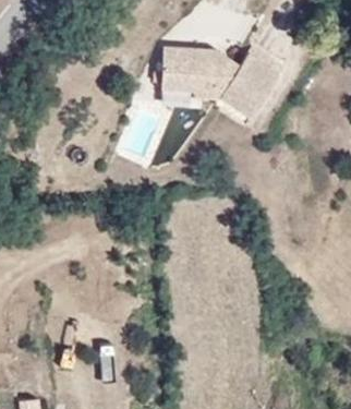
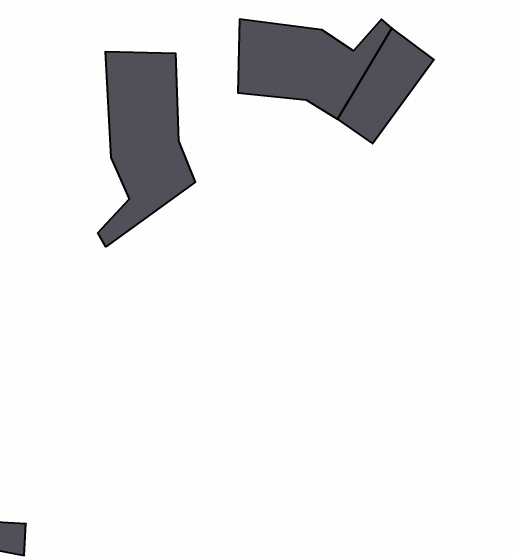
building: none -> [98,52,195,247]

